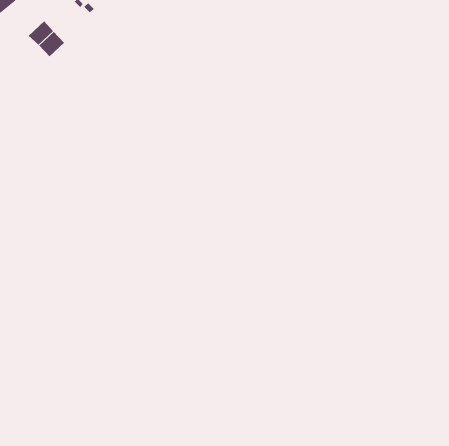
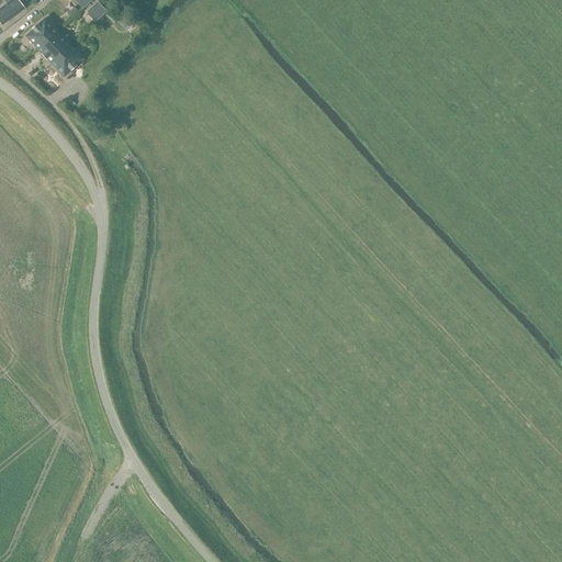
building: none -> [25,18,57,49]

